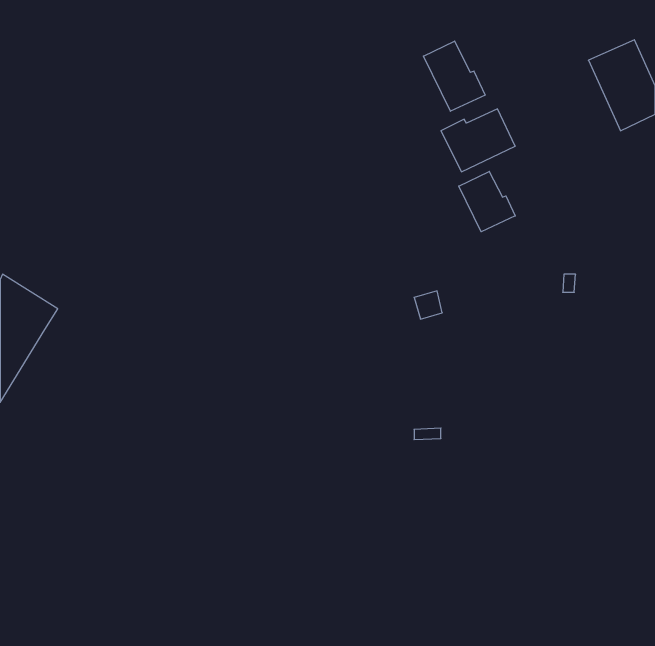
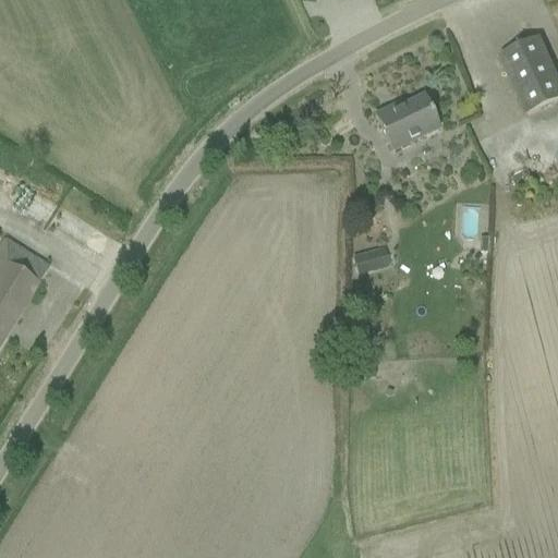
building: [423,41,485,111] -> none
building: [459,171,515,232] -> none

